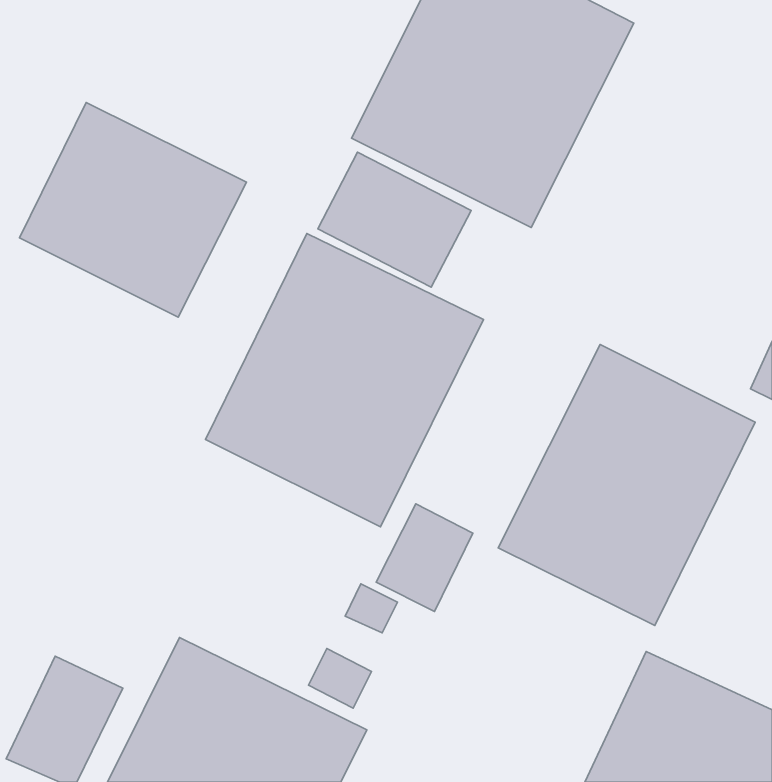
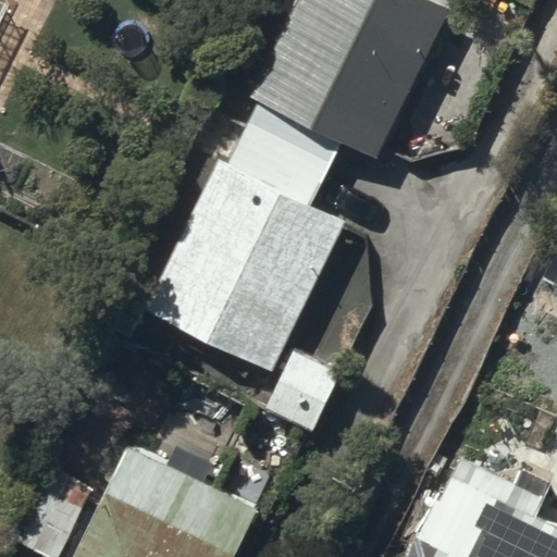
building: [20,103,246,317] -> none
building: [498,344,755,626] -> none

